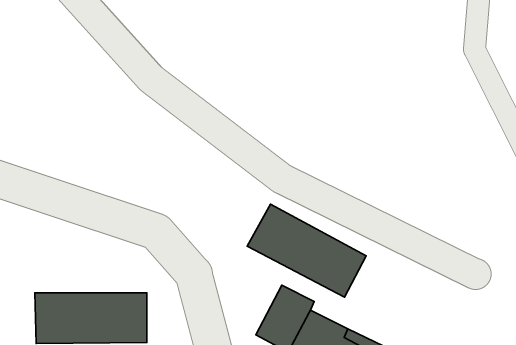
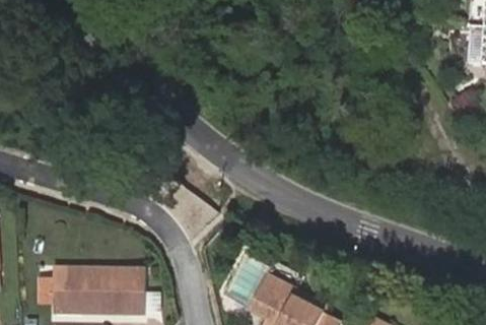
building: [247,204,366,297] -> none

